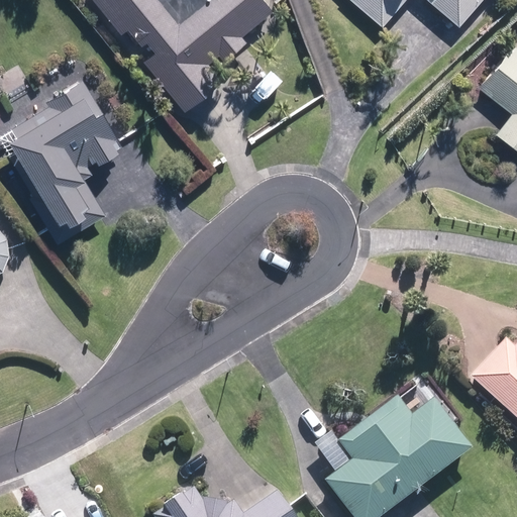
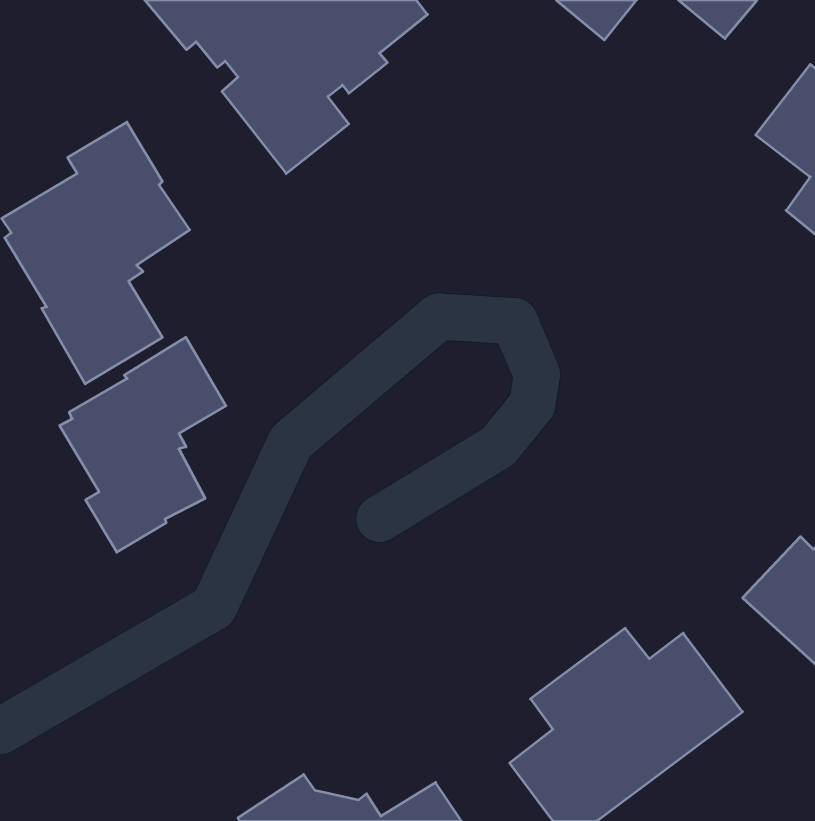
building: none -> [60,337,226,552]

